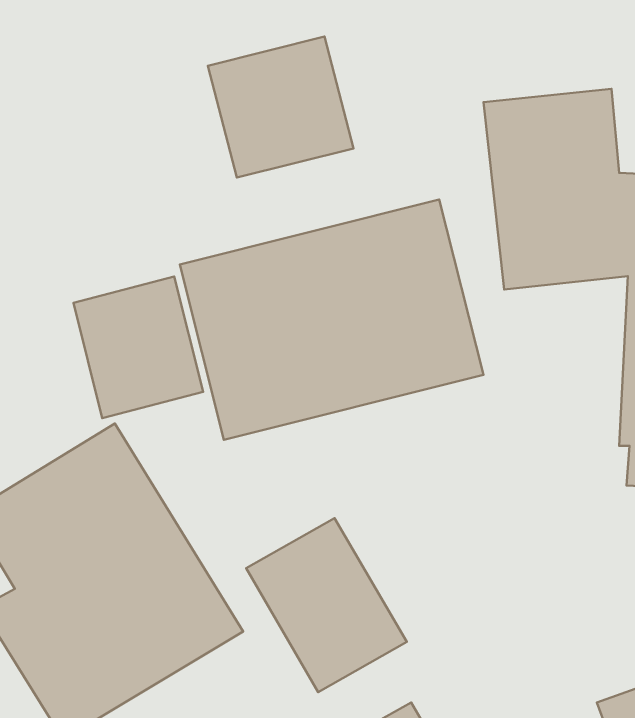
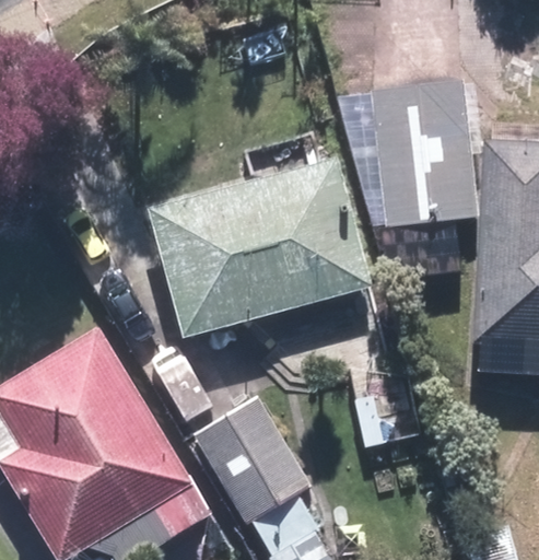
building: [208,37,354,178] -> none
building: [73,276,203,418] -> none

